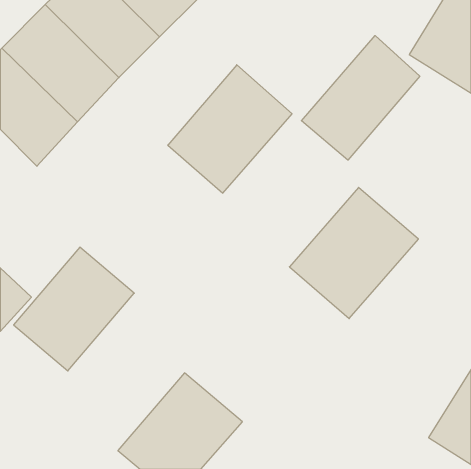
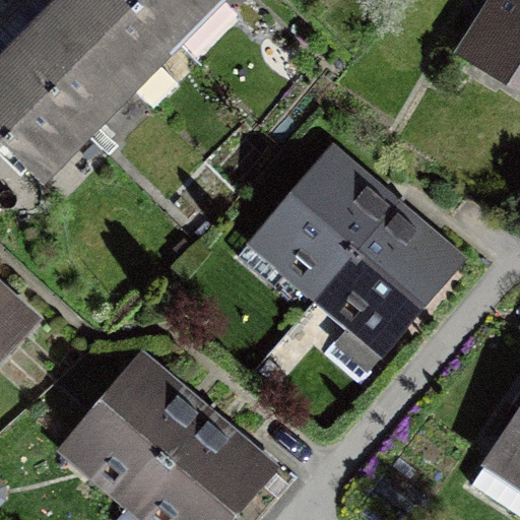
building: [301,36,420,160] -> none
building: [168,65,292,193] -> [258,152,395,294]
building: [14,247,134,371] -> [70,360,203,496]

